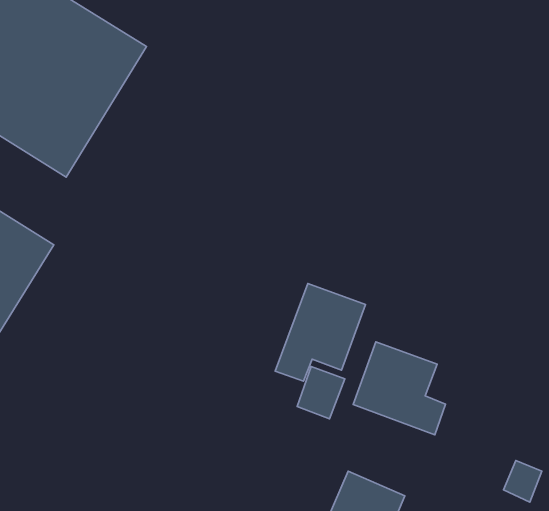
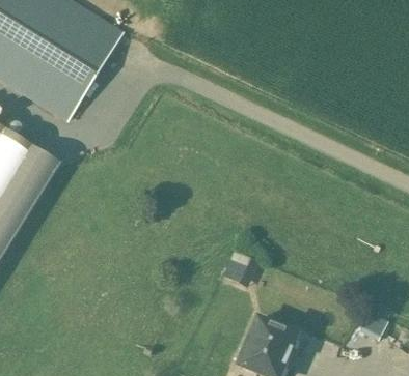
building: [275,283,365,381] -> none
building: [353,342,446,435] -> none

